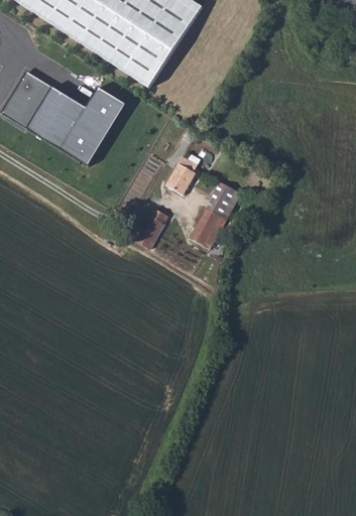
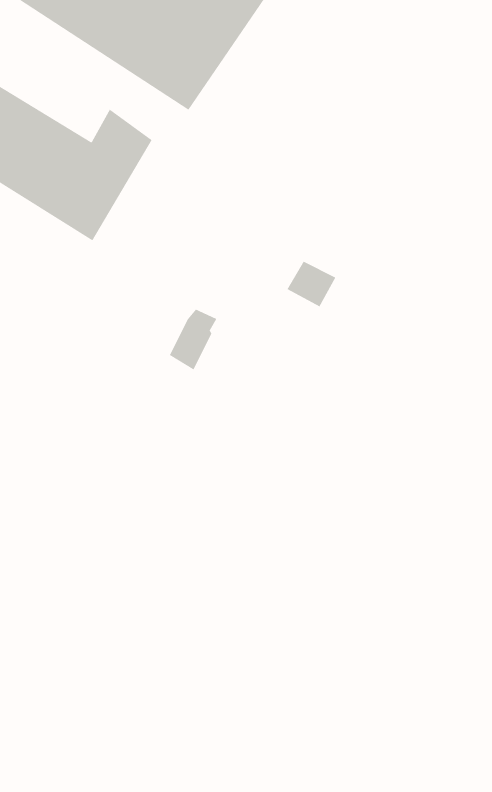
building: [166,153,195,190] -> none
building: [191,197,228,241] -> none

